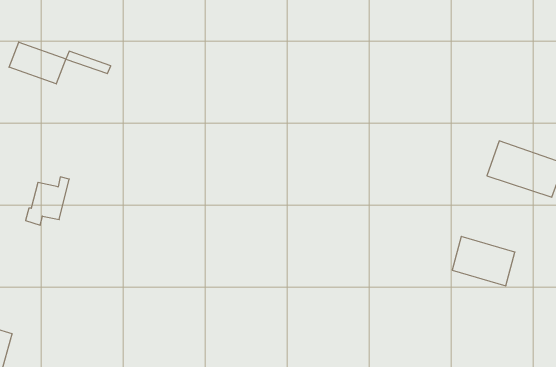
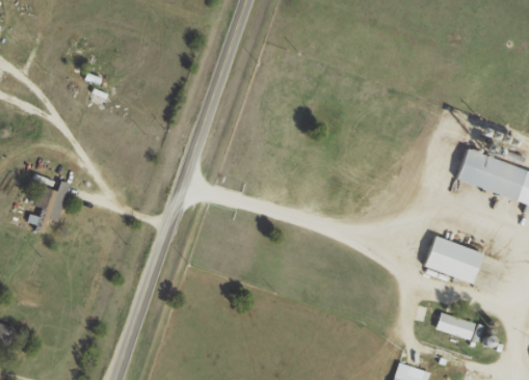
building: [9,42,66,84] -> none
building: none -> [437,315,476,337]

